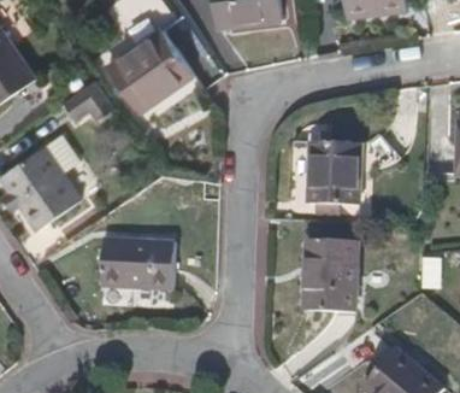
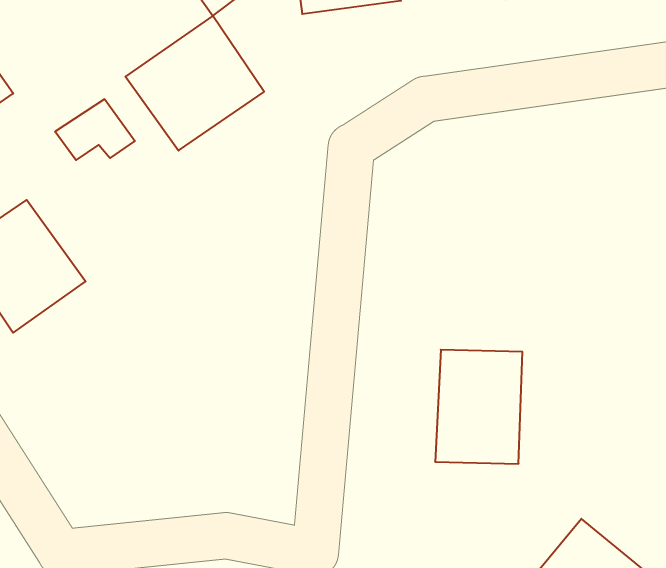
building: [308,135,395,207] -> none
building: [101,239,175,289] -> none

